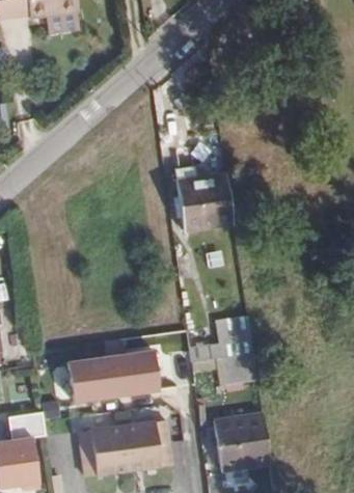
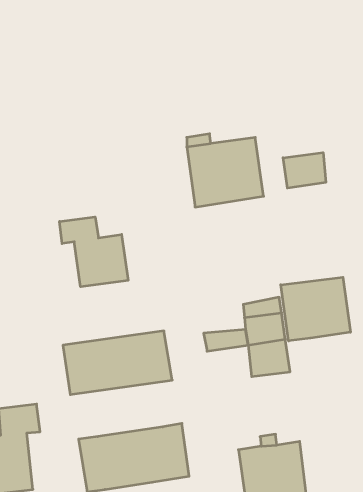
building: none -> [283,153,326,188]
building: none -> [60,217,128,287]
building: none -> [281,277,350,341]

